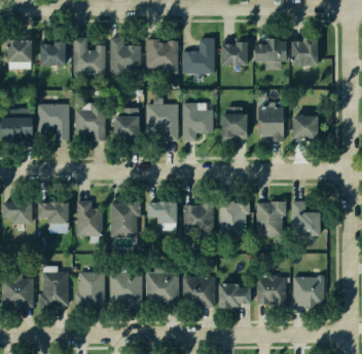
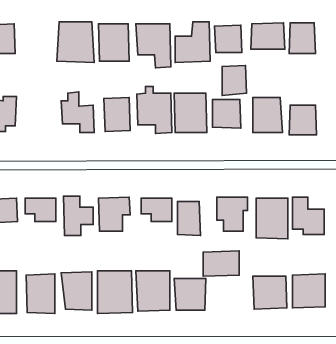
building: [37,37,65,67] -> none
building: none -> [222,66,247,95]
building: [39,104,71,141] -> none
building: [215,282,249,306] -> [203,251,239,276]

